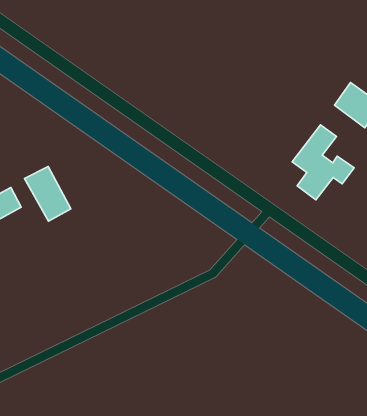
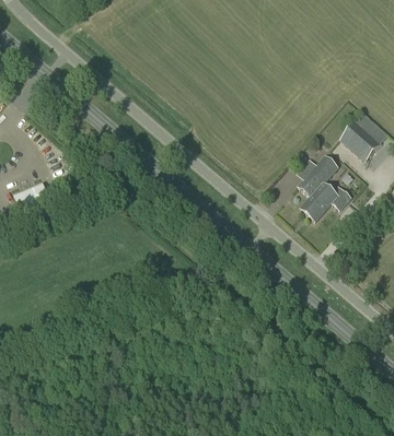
building: [24,167,71,221] -> none

